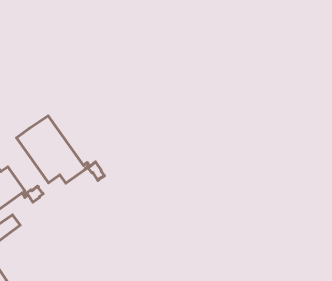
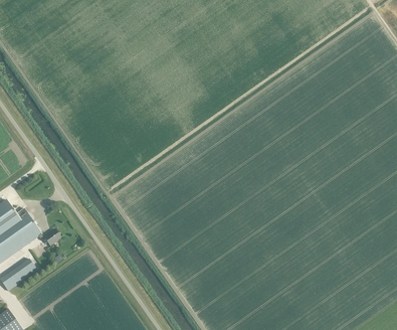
building: [17,116,104,183] -> none

